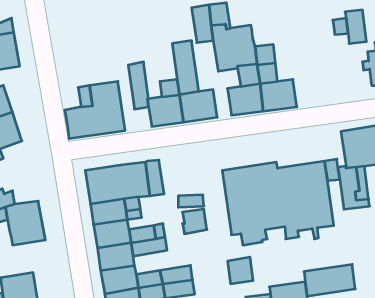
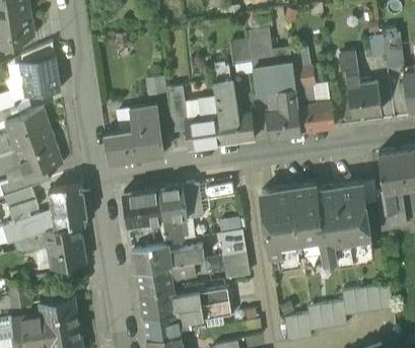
building: none -> [347,65,383,117]
building: none -> [49,184,88,226]
building: [228,257,253,284] -> [223,252,249,278]

